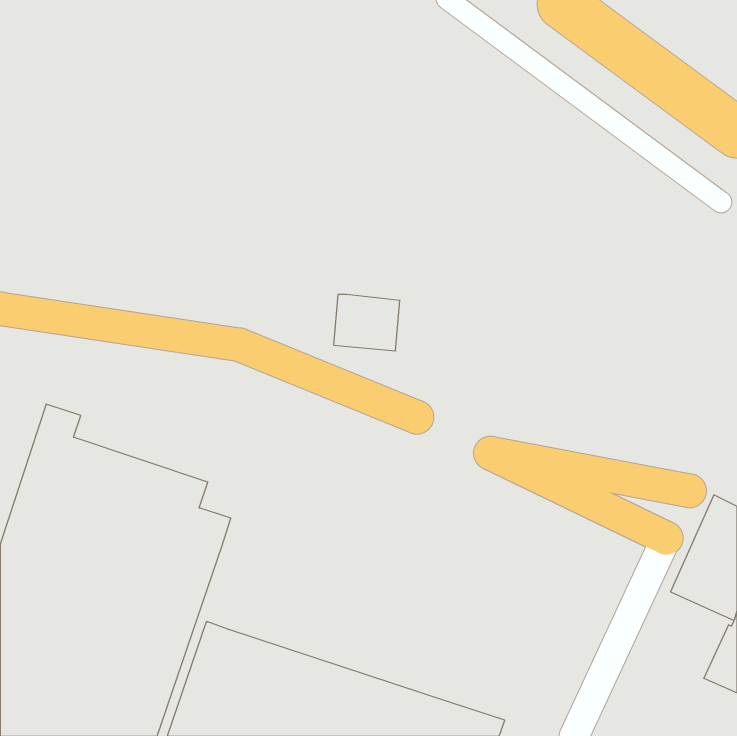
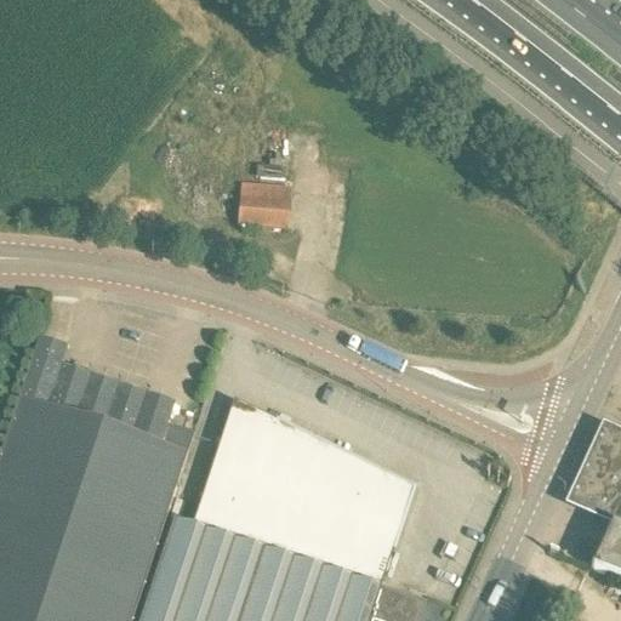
building: [334,295,400,351] -> [235,186,291,233]
building: none -> [192,403,412,591]

